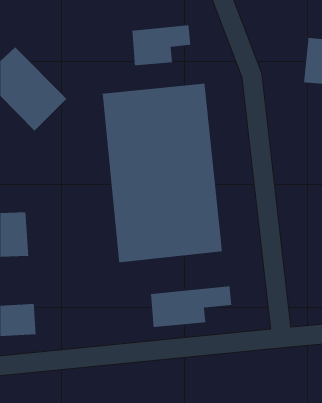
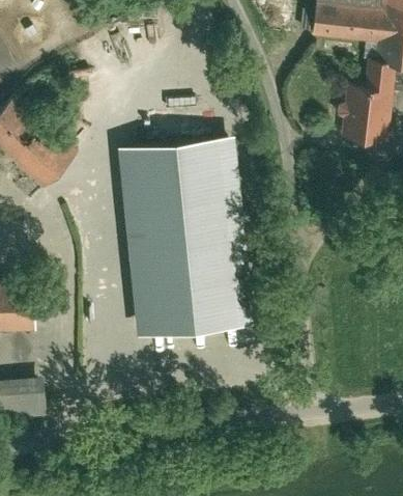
building: [131,24,191,66] -> none
building: [150,286,232,328] -> none

